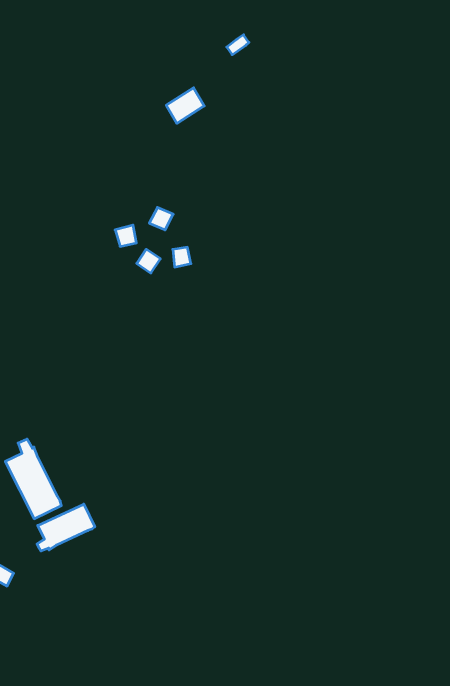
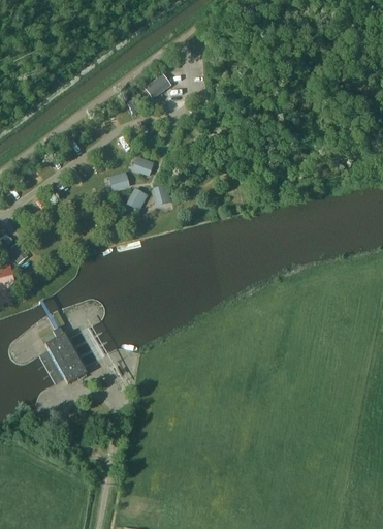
building: [37,504,95,551] -> none

